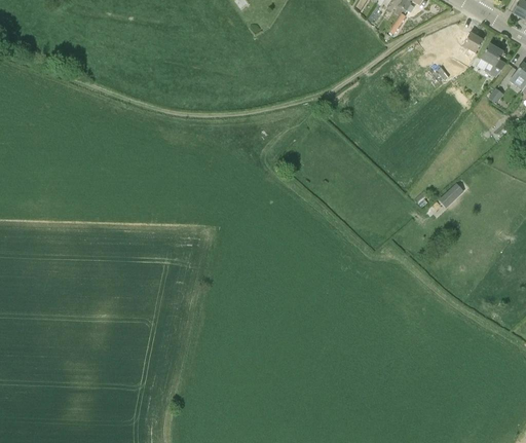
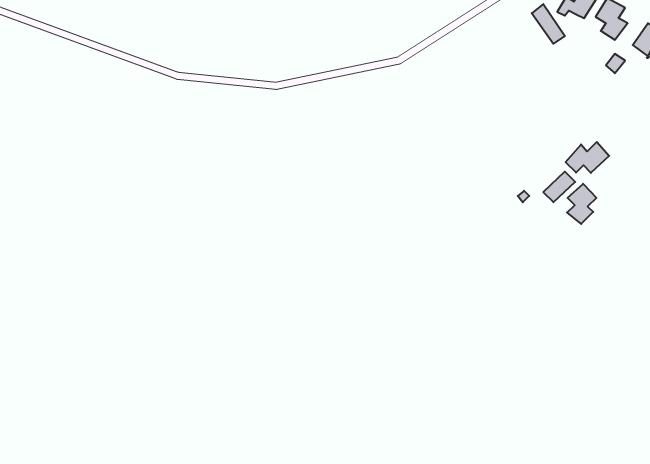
building: none -> [566,142,609,173]
building: none -> [567,184,596,224]

